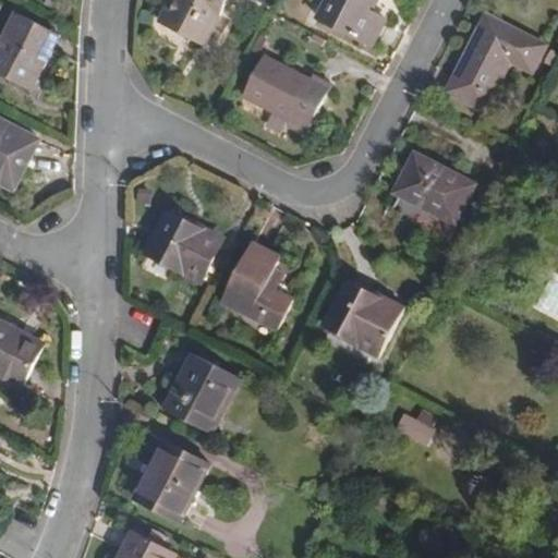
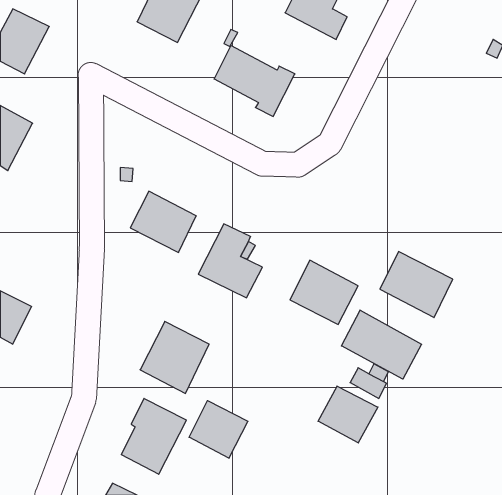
building: [444,15,534,108] -> none
building: [392,151,473,225] -> [380,252,453,318]
building: none -> [341,310,422,379]
building: none -> [318,386,378,443]
building: none -> [189,401,248,458]

